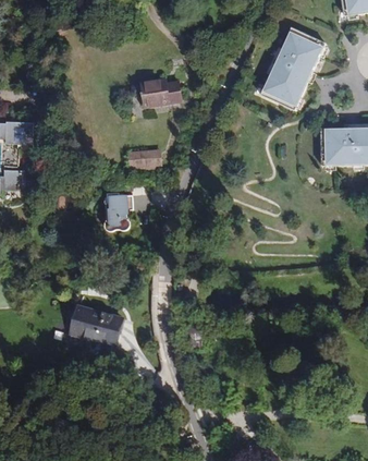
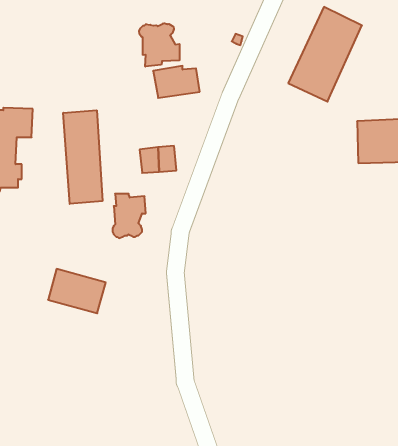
building: none -> [139,23,179,67]
building: none -> [63,110,102,204]
building: [71,305,122,344] -> [48,269,106,313]

